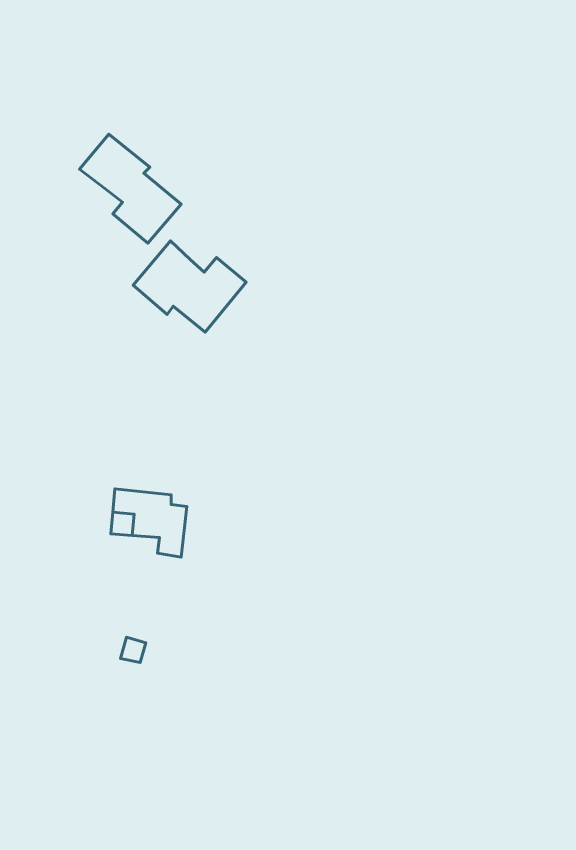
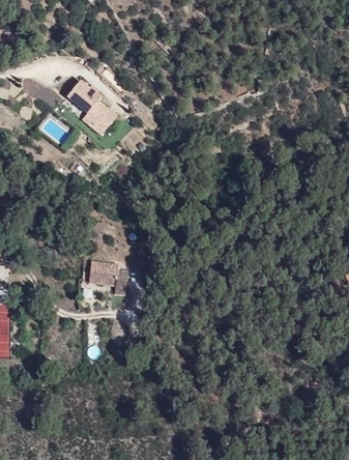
building: [133,241,246,332] -> none

